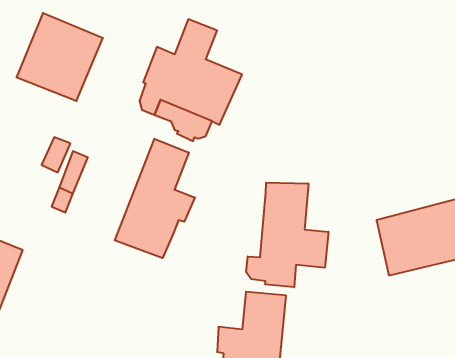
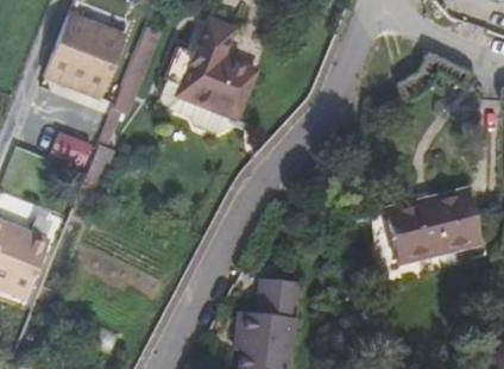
building: [115,139,195,258] -> none
building: [246,183,328,287] -> none

